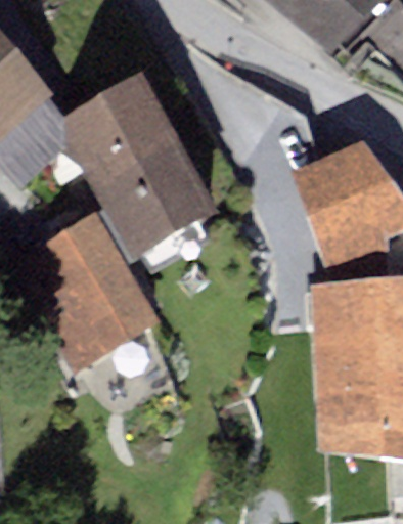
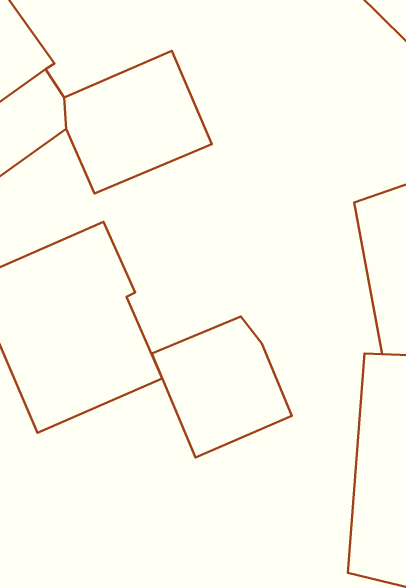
building: [96,138,221,256] -> none
building: none -> [152,316,292,457]

